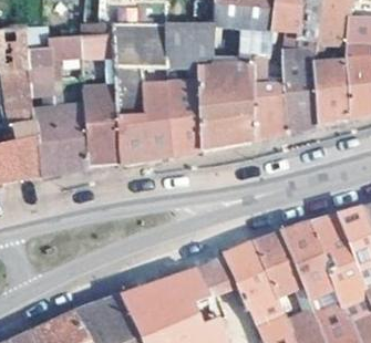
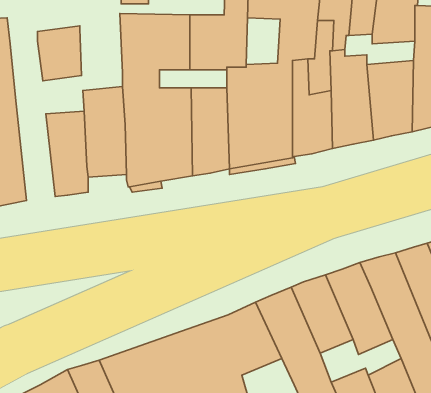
building: [82,23,116,73] -> none
building: [296,40,352,64] -> none
building: [25,45,62,174] -> none

